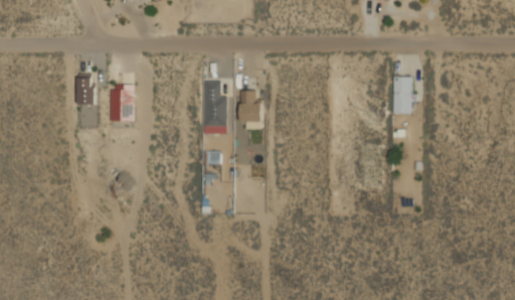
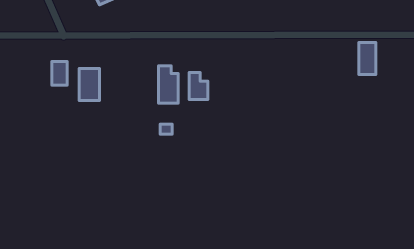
building: [391,74,411,113] -> [359,43,376,75]

